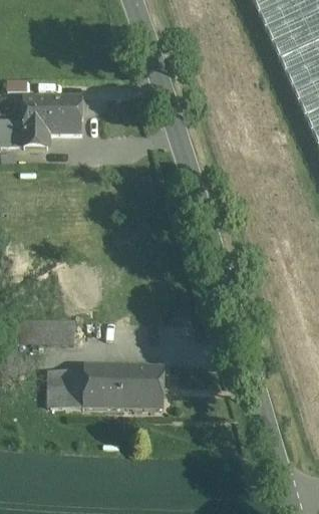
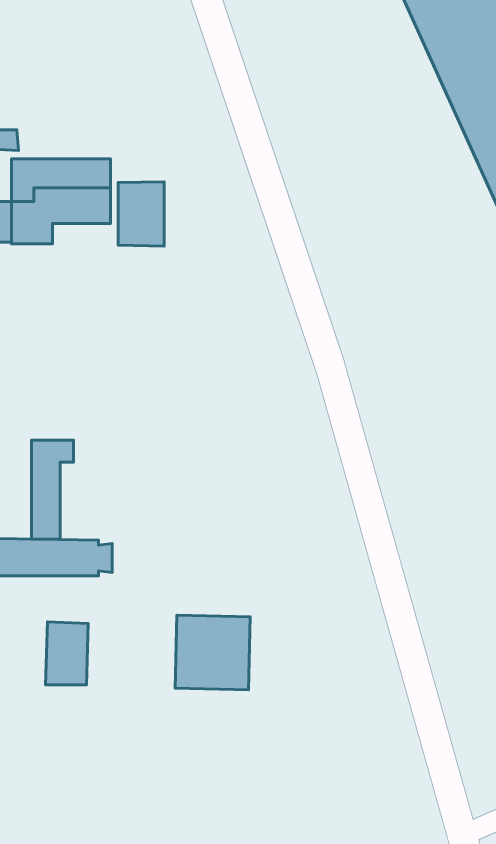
building: none -> [118,182,164,246]
building: none -> [32,440,74,539]
building: [69,364,122,409] -> none

